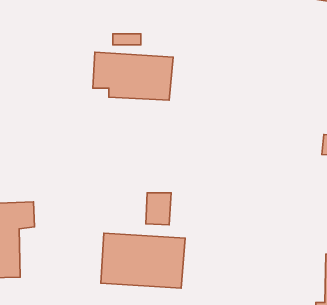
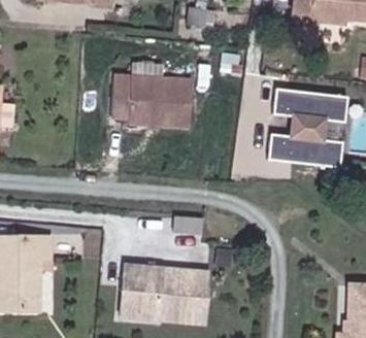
building: none -> [270,90,347,167]

